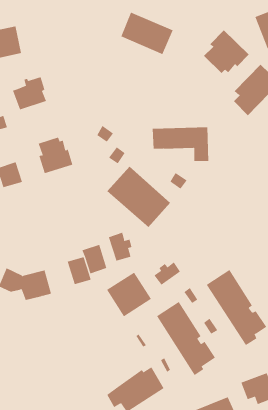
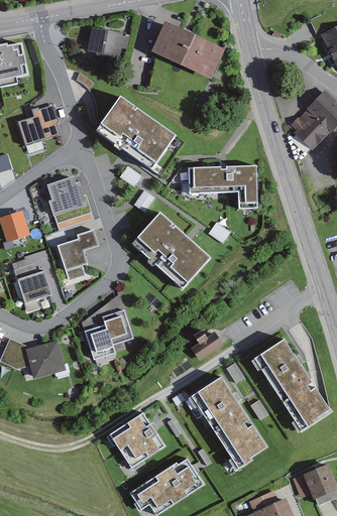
building: none -> [82,25,124,59]
building: [203,30,250,74] -> none
building: none -> [102,97,177,163]
building: none -> [60,229,100,279]
building: none -> [15,264,53,312]
building: [108,232,132,261] -> none
building: [106,272,152,317] -> [111,413,166,469]

